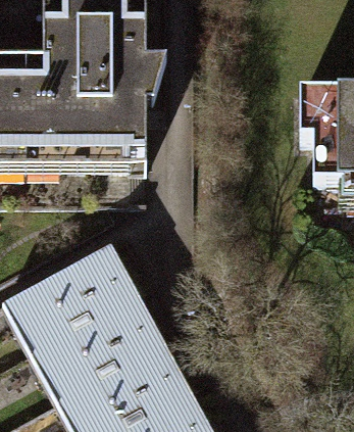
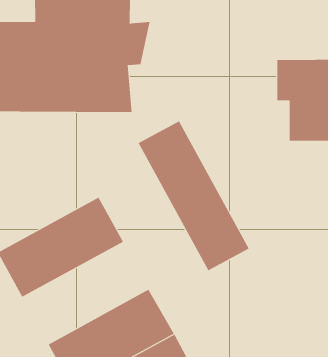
building: none -> [138,121,249,271]
building: [29,290,163,399] -> none

